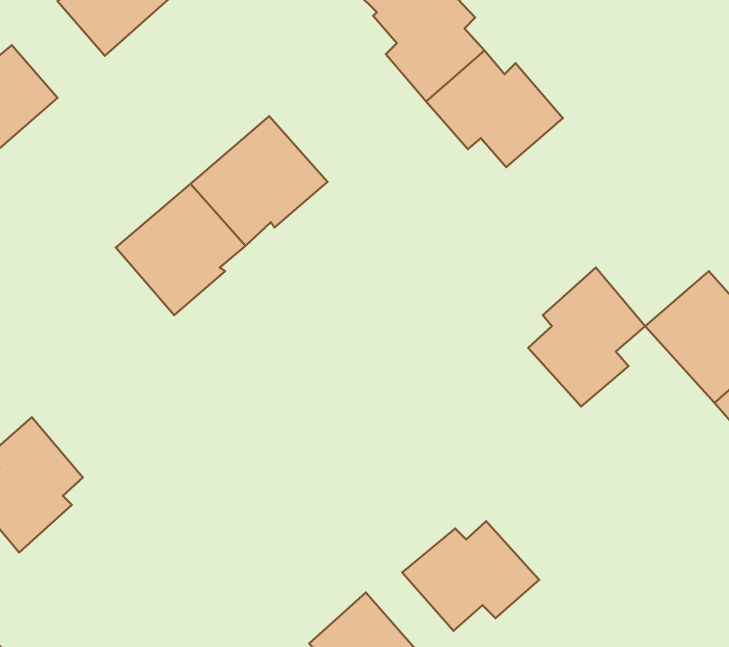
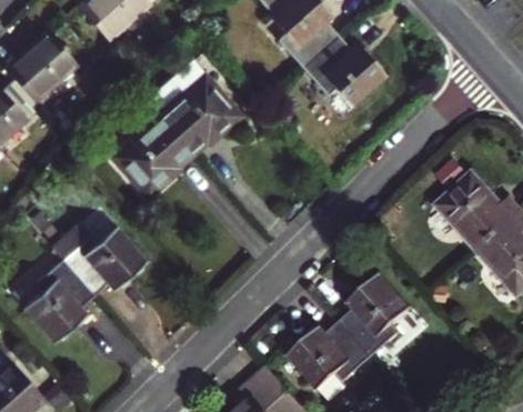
building: [528,268,645,406] -> [338,273,409,358]
building: none -> [61,225,145,295]

